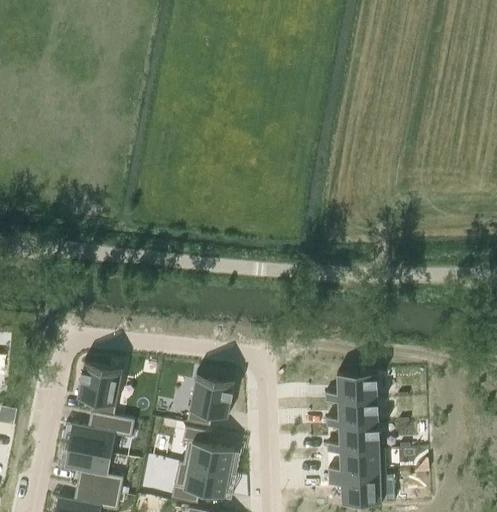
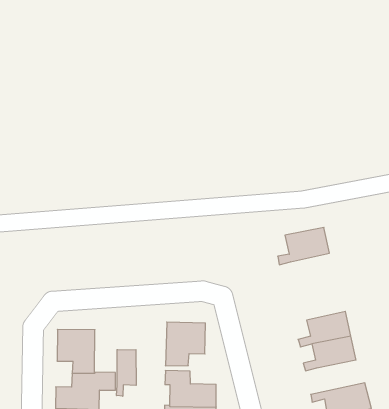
building: [325,372,378,402] -> [278,227,329,265]
building: none -> [117,350,136,396]
building: [327,448,385,477] -> none

